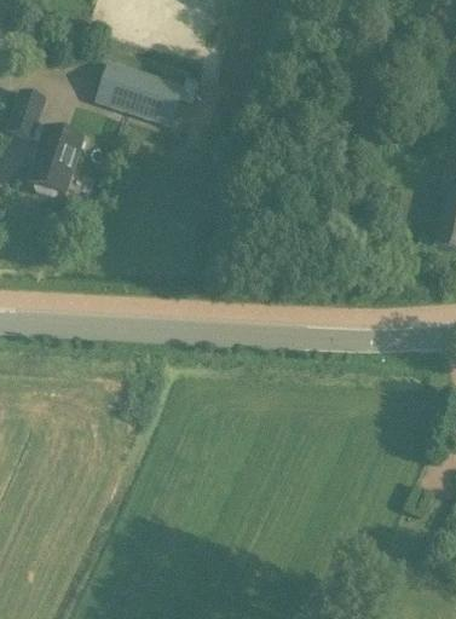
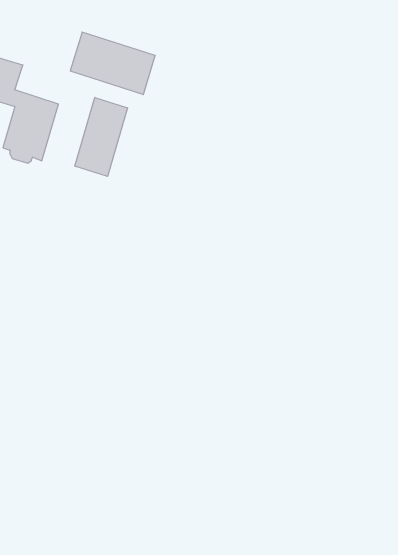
building: none -> [75,97,128,176]

